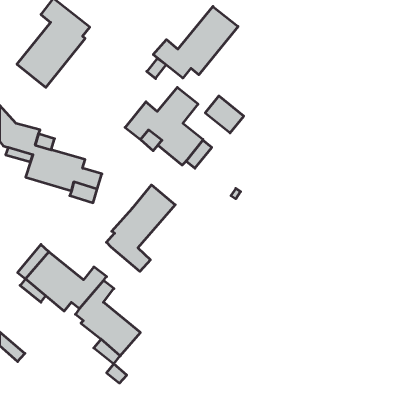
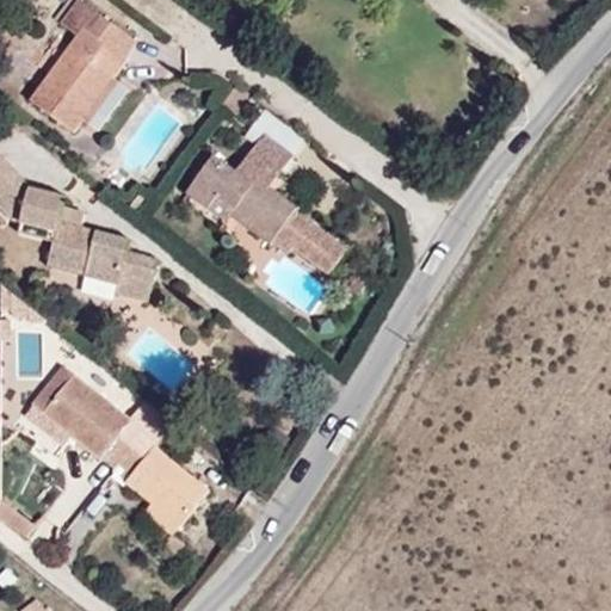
building: [153,6,238,78] -> none
building: [205,96,244,133] -> [295,220,352,274]
building: [106,185,175,271] -> none

